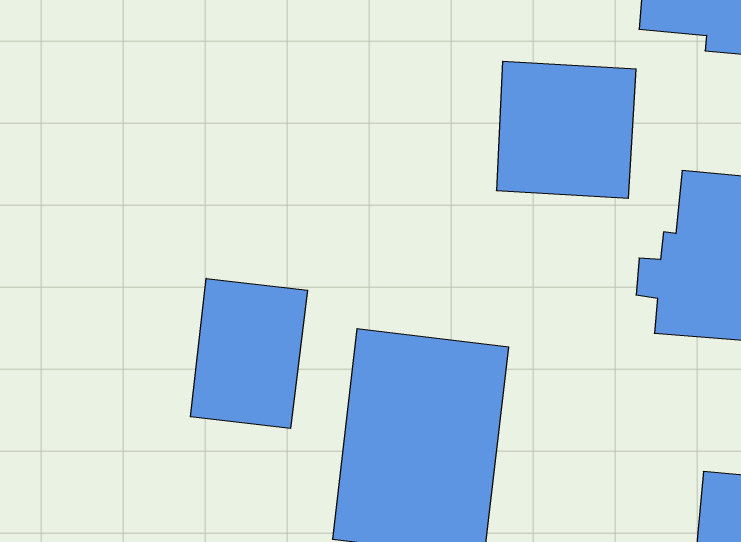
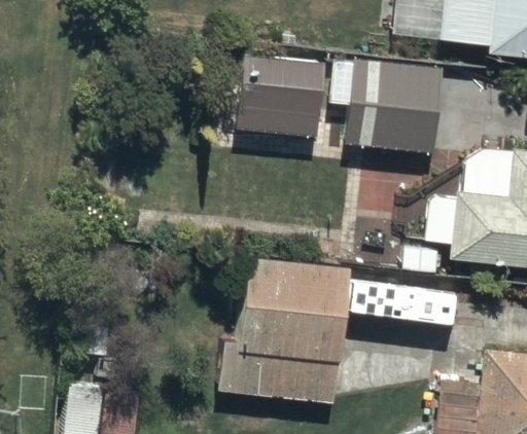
building: none -> [236,52,329,136]
building: [190,278,308,428] -> none

